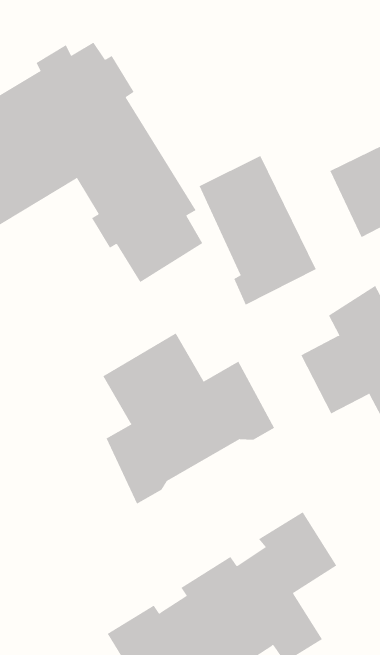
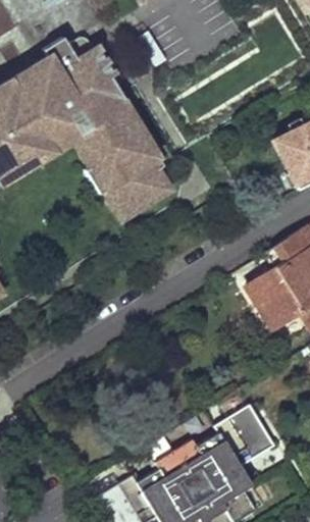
building: [199,155,317,306] -> none
building: [102,333,275,504] -> none

